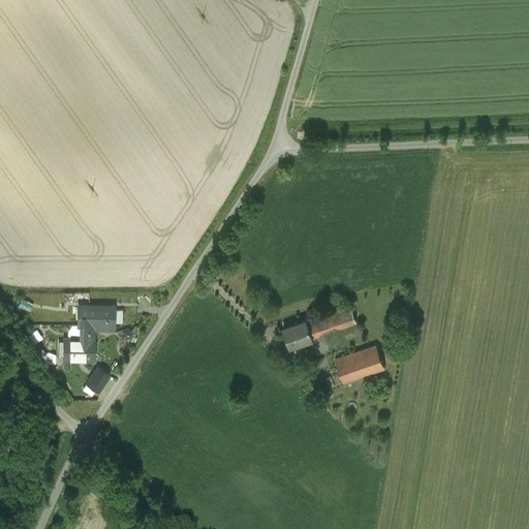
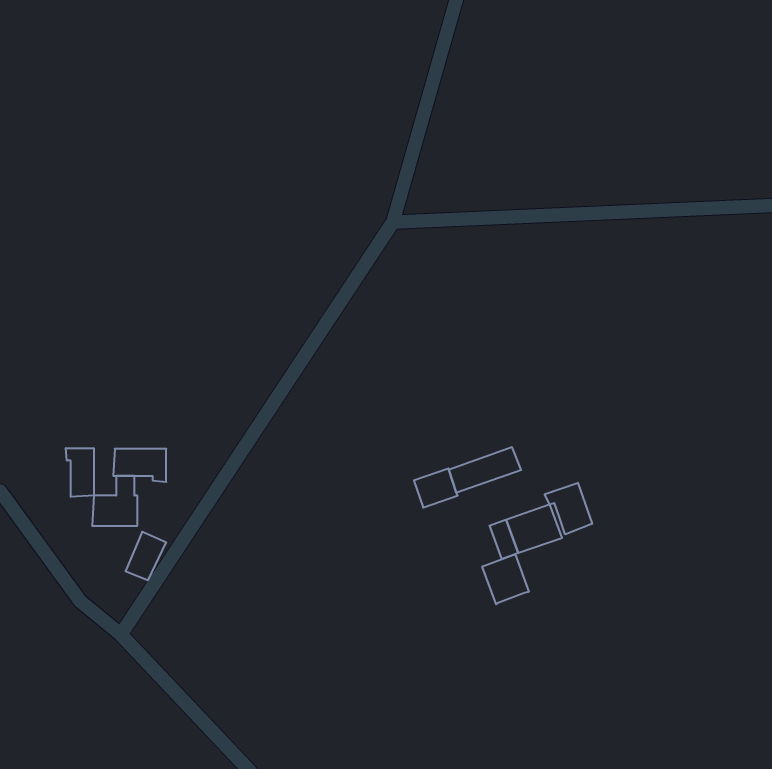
building: none -> [66,448,94,497]
building: none -> [545,483,592,534]
building: none -> [482,554,529,604]

